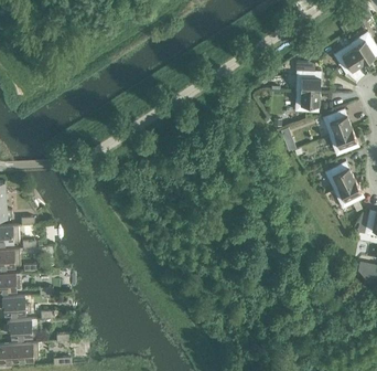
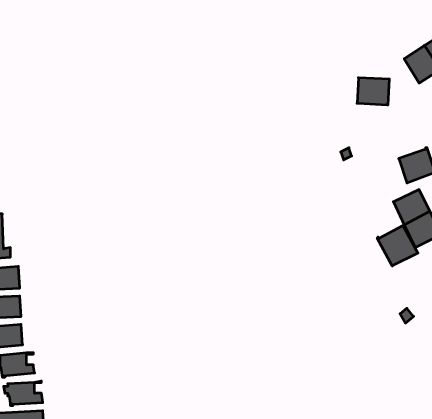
building: [294,91,319,112] -> none
building: [322,108,351,136] -> none
building: none -> [377,225,418,266]

